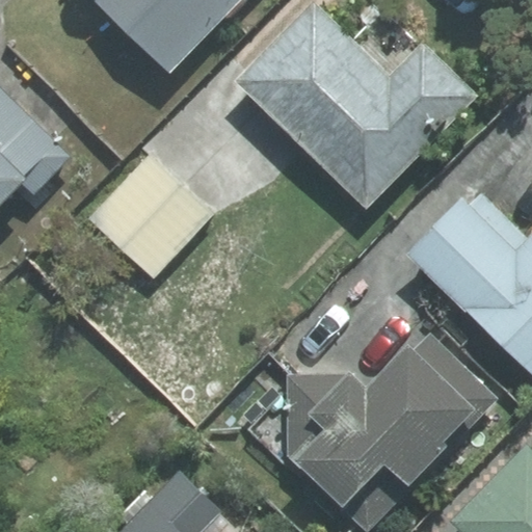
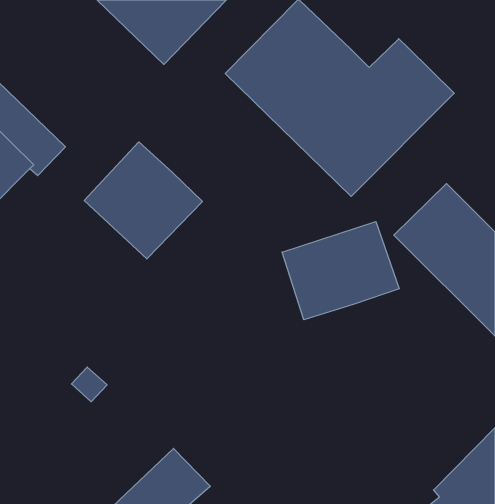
building: none -> [282,222,399,320]
building: [289,332,489,502] -> none

